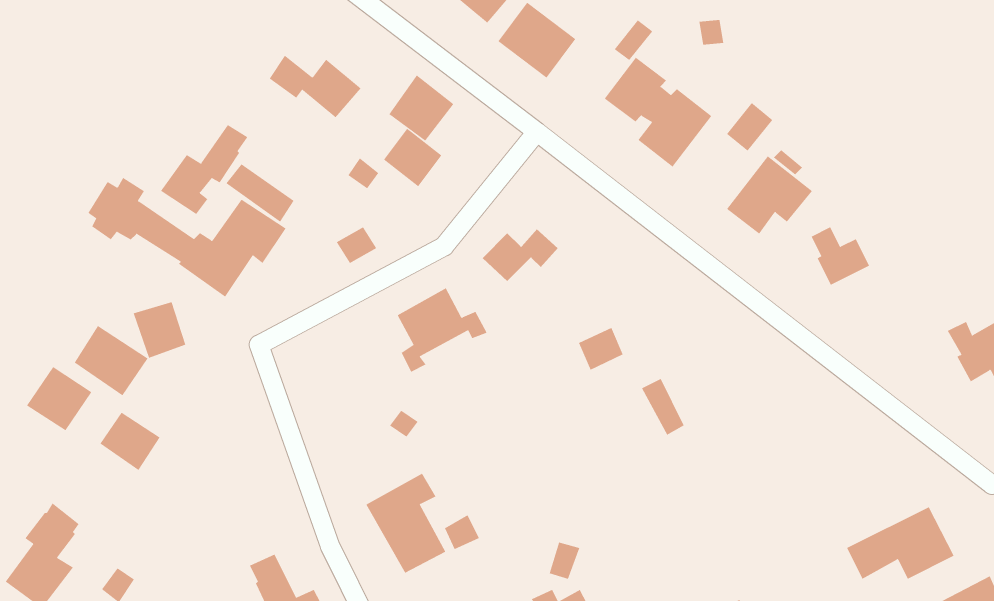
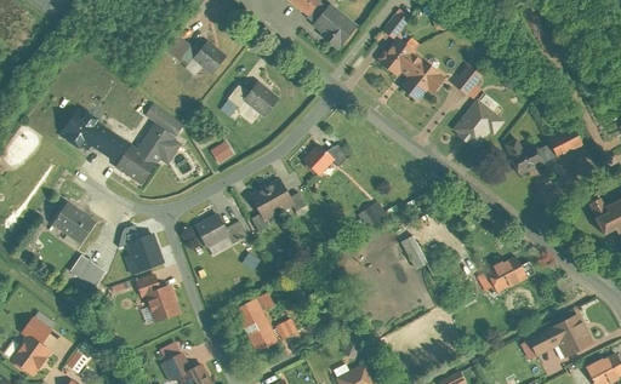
building: [389,75,454,141] -> none
building: [160,124,248,215] -> none
building: none -> [534,126,581,165]
building: [133,301,186,359] -> [130,235,163,270]
building: none -> [195,212,247,247]
building: [26,366,92,431] -> none
building: none -> [475,252,534,292]
building: none -> [135,275,180,322]

